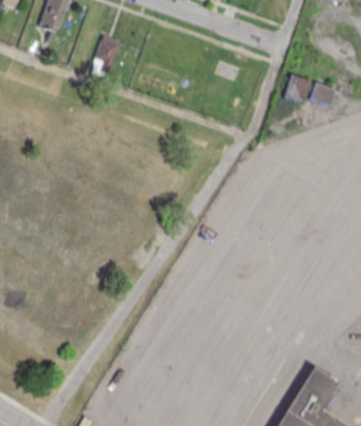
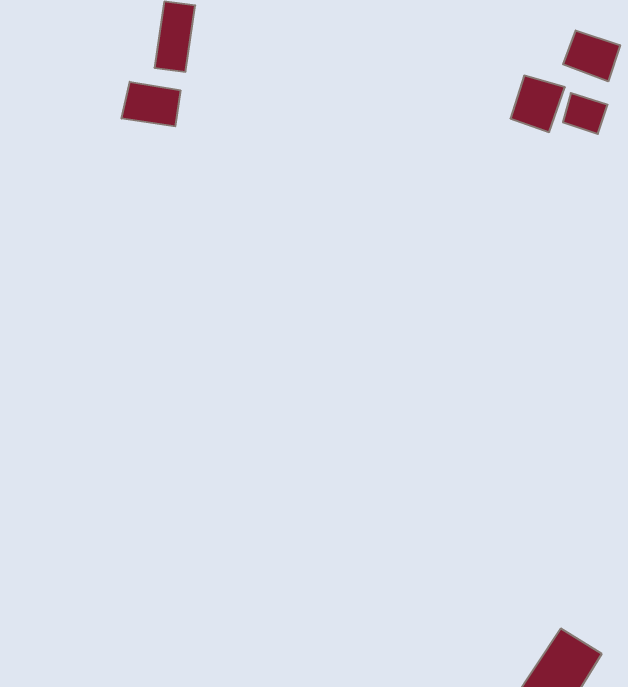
building: none -> [563,30,620,81]
building: none -> [122,82,180,126]

